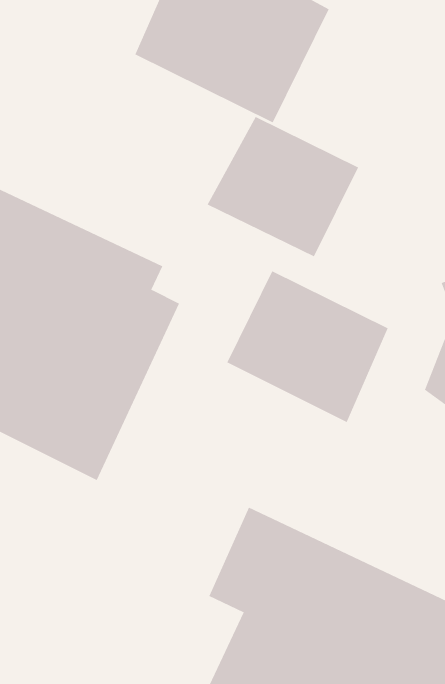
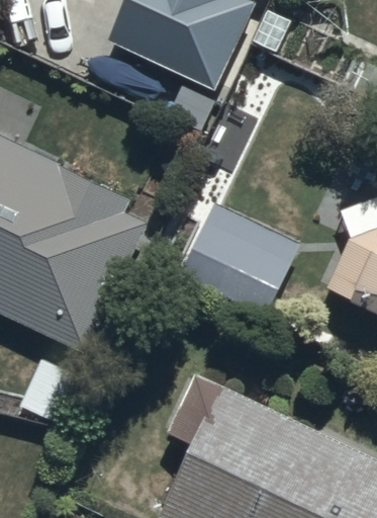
building: [207,116,359,257] -> none

